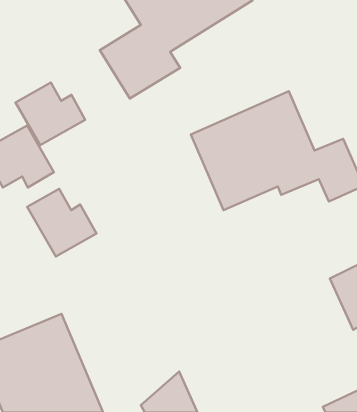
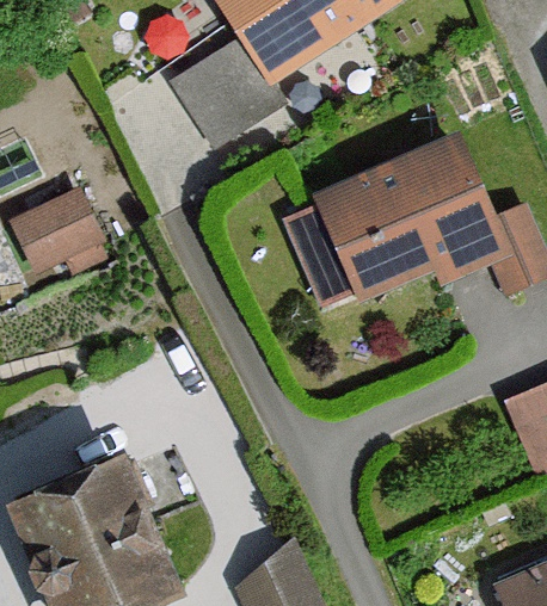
building: [16,83,85,145] -> none
building: [27,189,96,256] -> none

